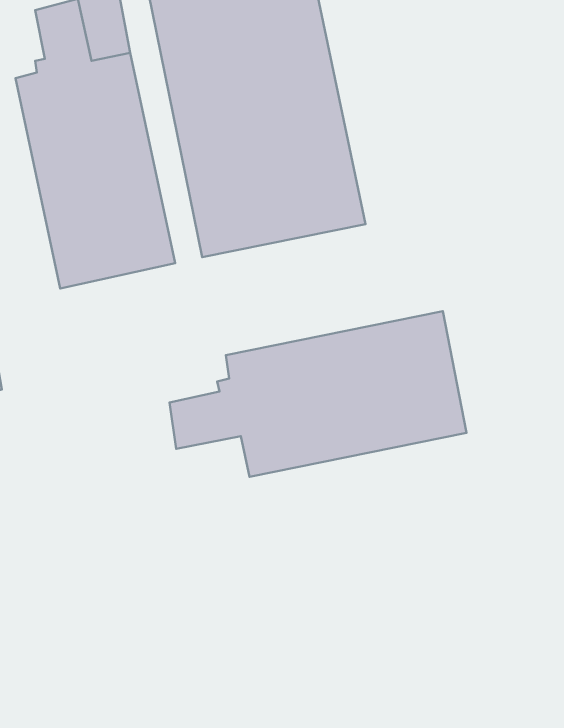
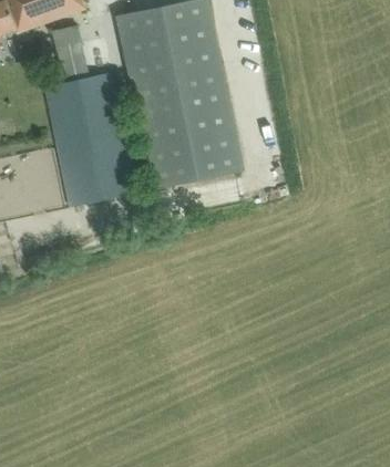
building: [170,311,467,477] -> none

